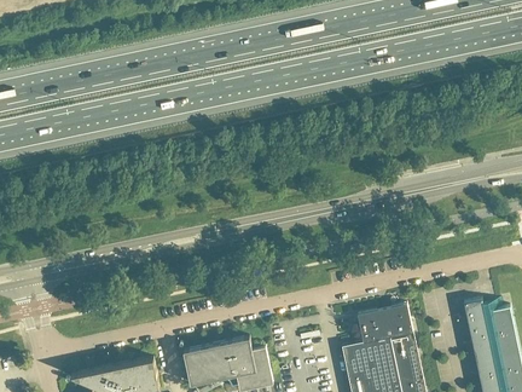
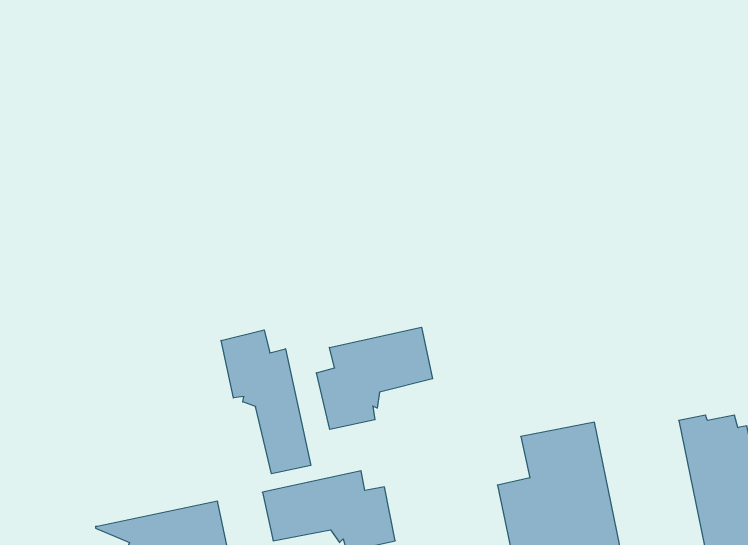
building: none -> [316,327,433,429]
building: none -> [221,330,311,474]

